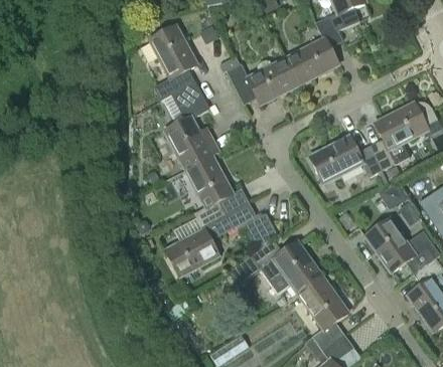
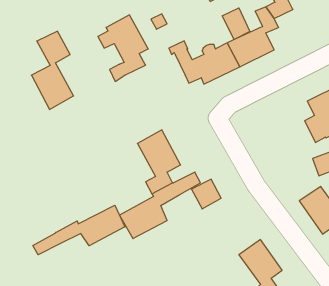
building: none -> [222,8,250,39]
building: [165,82,212,170] -> [31,31,74,109]
building: [310,136,385,183] -> none
building: none -> [33,205,125,255]
building: [232,240,323,295] -> none

